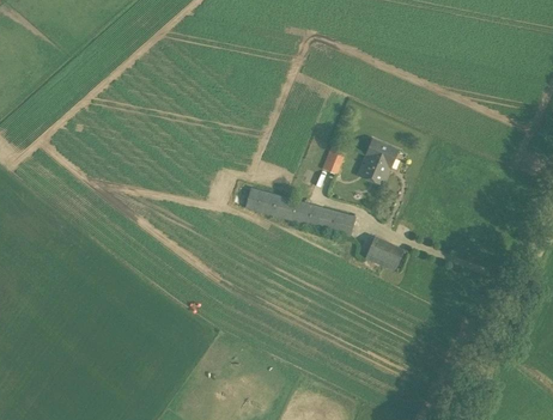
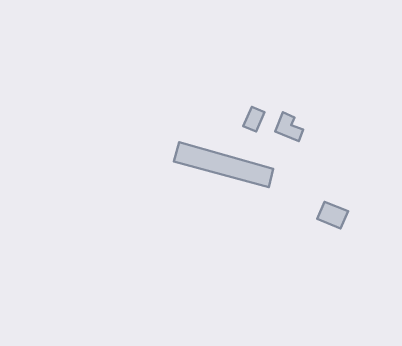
building: [366,139,399,172] -> none
building: [367,238,402,268] -> [317,202,348,228]

